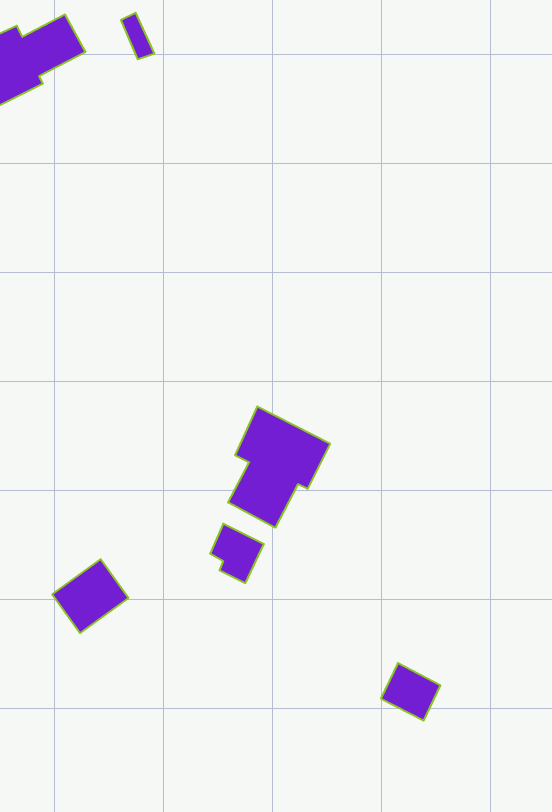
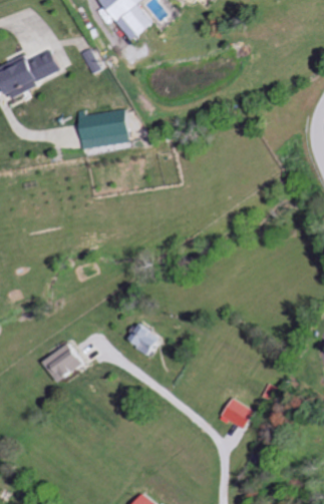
building: none -> [77,108,128,149]
building: [228,406,330,528] -> none

